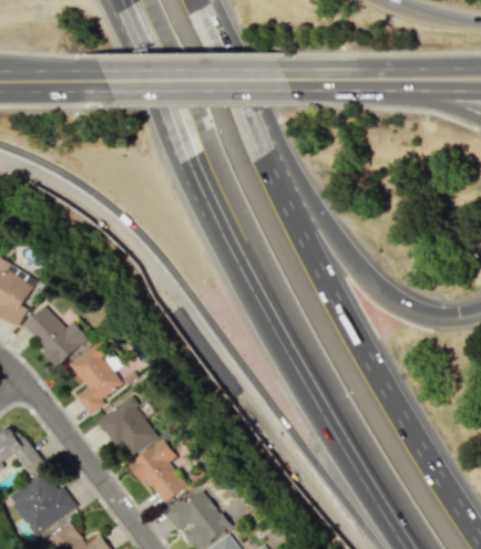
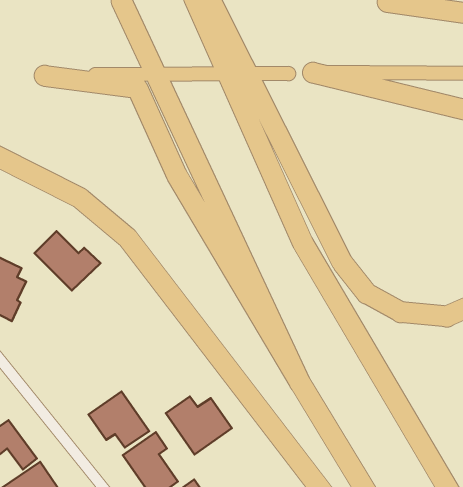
building: [22,305,89,365] -> [35,231,101,291]
building: [68,340,120,416] -> none
building: none -> [166,396,232,454]

